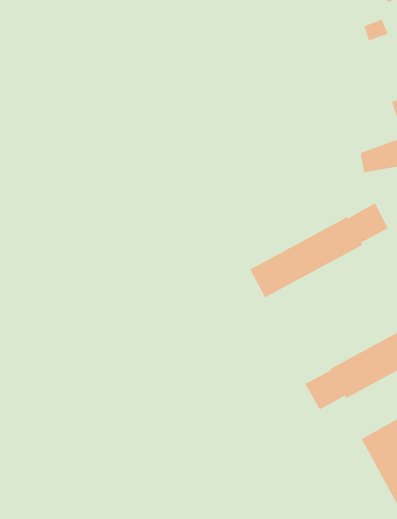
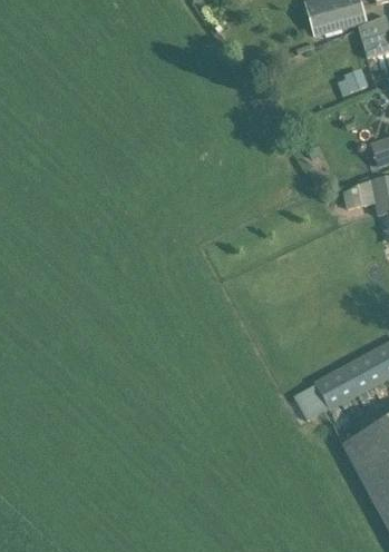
building: [249,203,389,298] -> none

